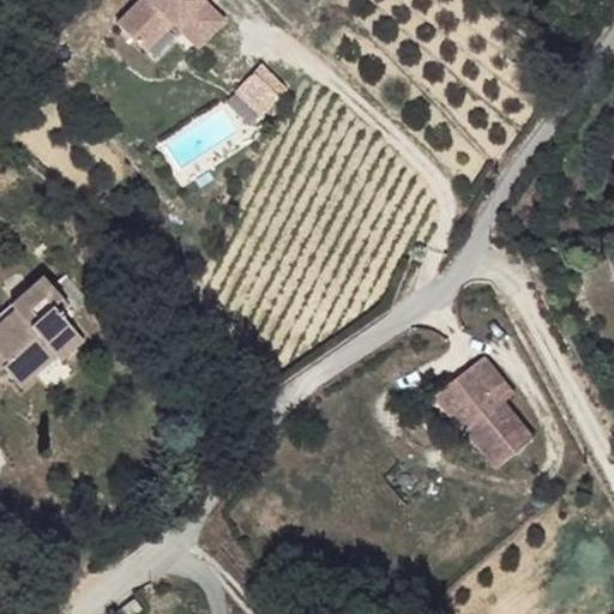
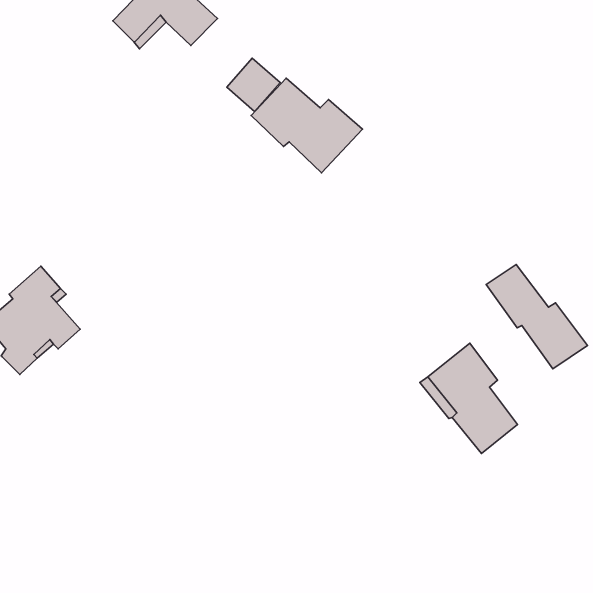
building: none -> [251,78,362,173]
building: none -> [486,264,588,369]

